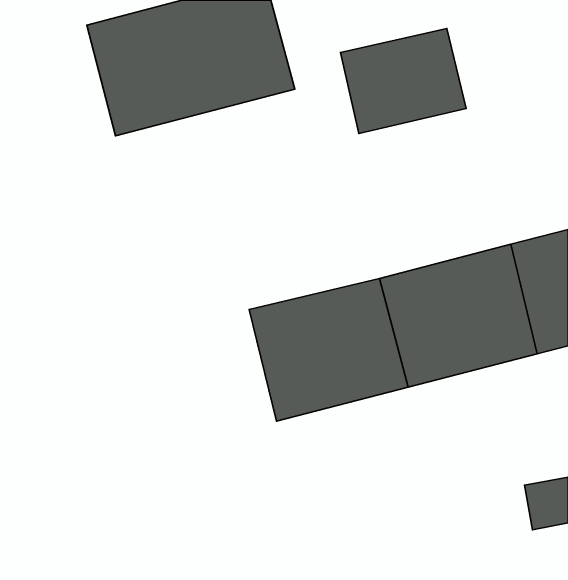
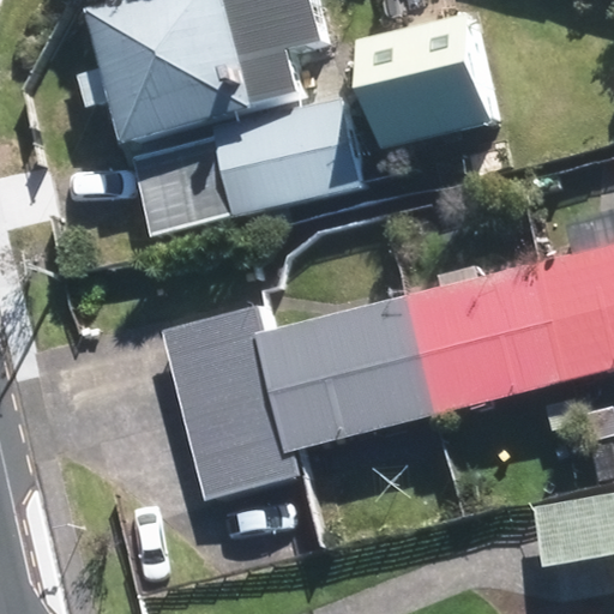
building: none -> [134,110,359,240]
building: none -> [163,302,295,490]

